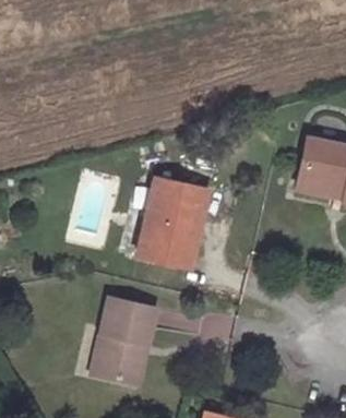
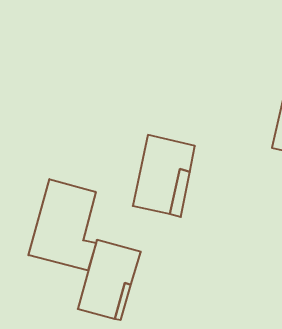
building: none -> [28,179,96,270]

